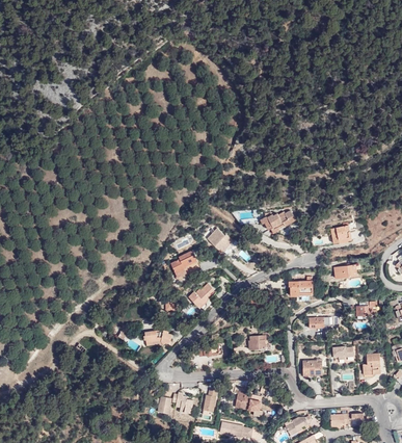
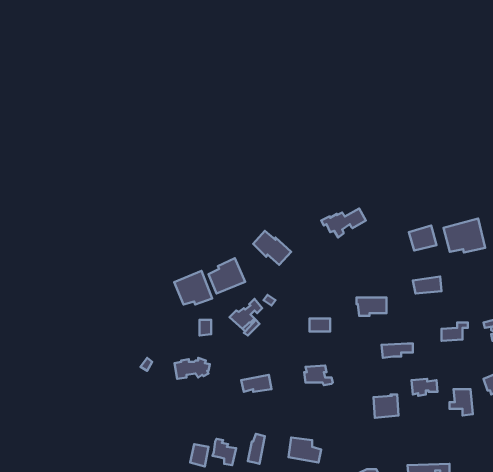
building: none -> [443,219,485,253]
building: none -> [174,271,212,305]

